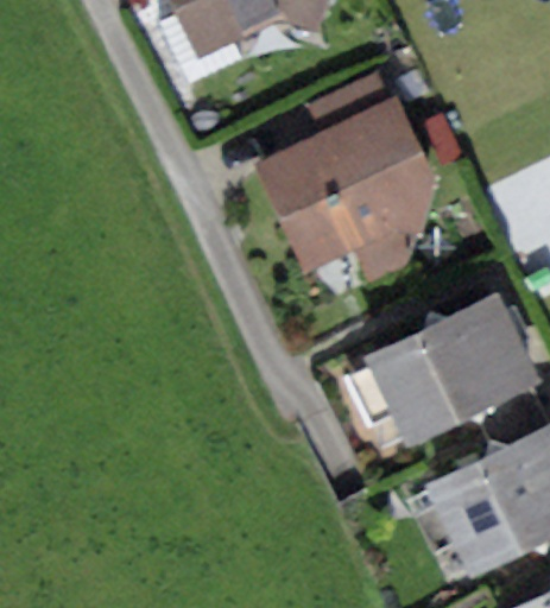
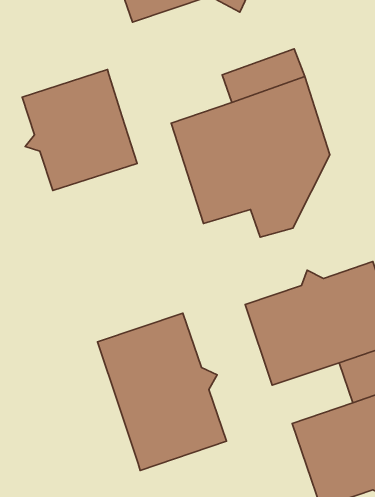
building: none -> [22,69,137,191]
building: none -> [98,313,226,471]

